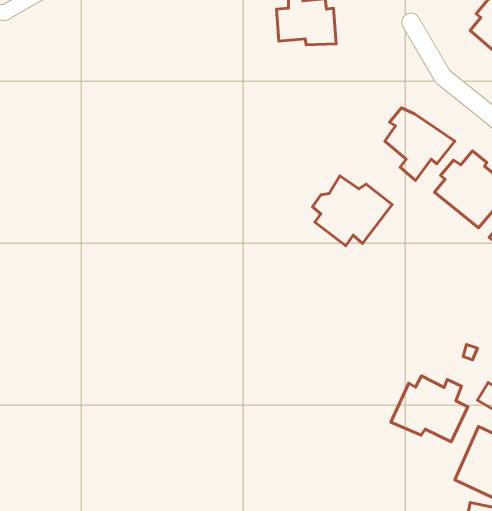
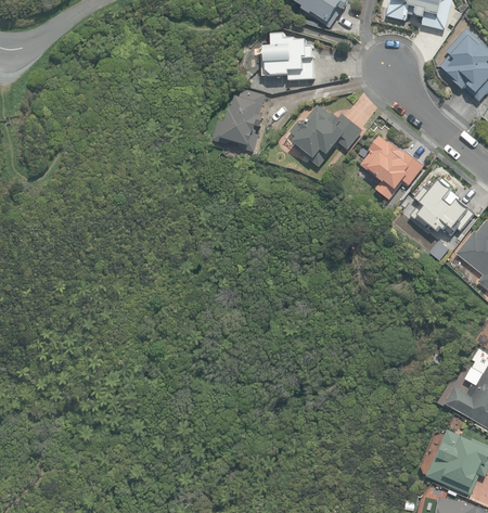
building: none -> [211,88,264,151]
building: [313,176,392,246] -> [290,103,362,167]
building: [391,376,468,442] -> none

